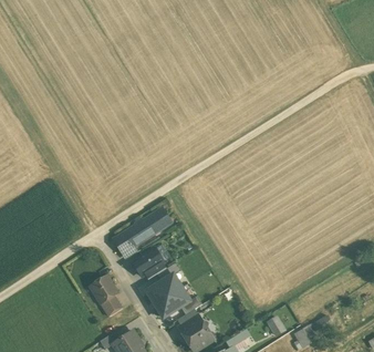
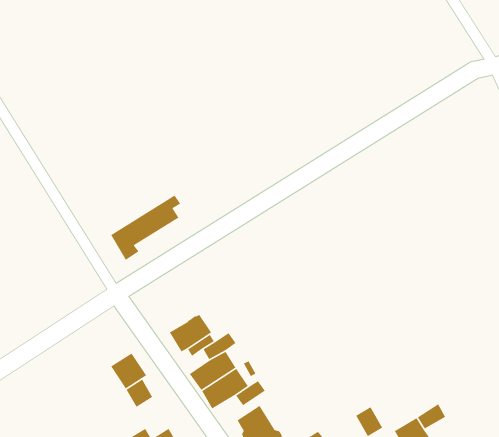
building: [114,209,165,257] -> [110,195,181,261]

